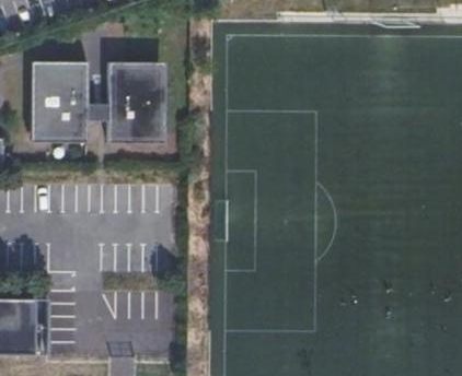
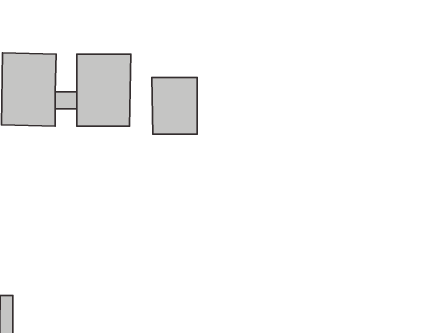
building: none -> [152,77,197,134]

